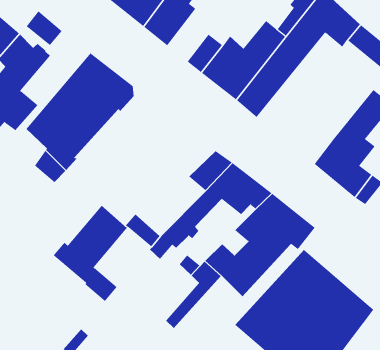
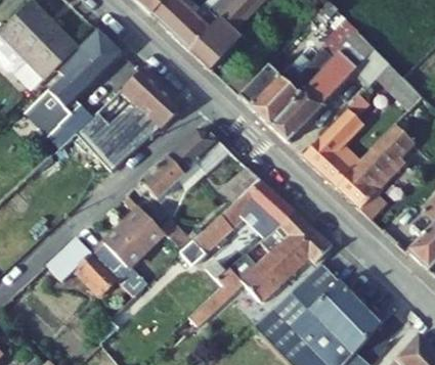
building: none -> [303,94,367,187]
building: none -> [134,129,229,199]
building: none -> [47,236,119,294]

